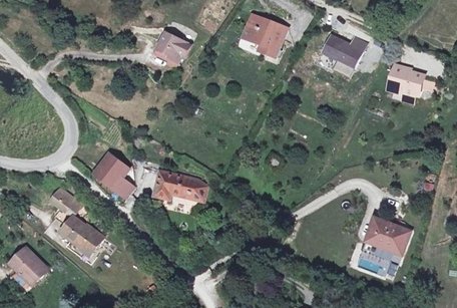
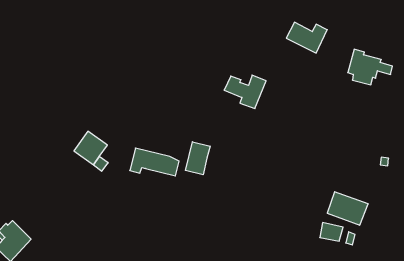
building: [242,20,287,56] -> [224,75,266,109]
building: [156,31,190,62] -> none
building: none -> [185,142,210,175]
building: [50,187,102,251] -> none

